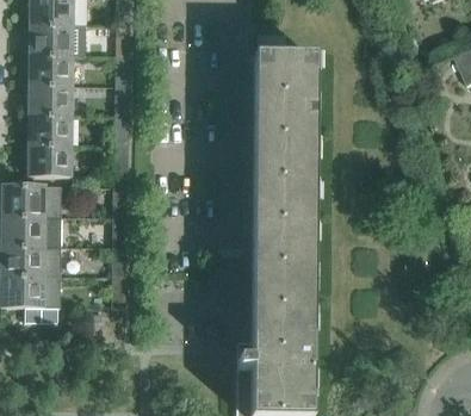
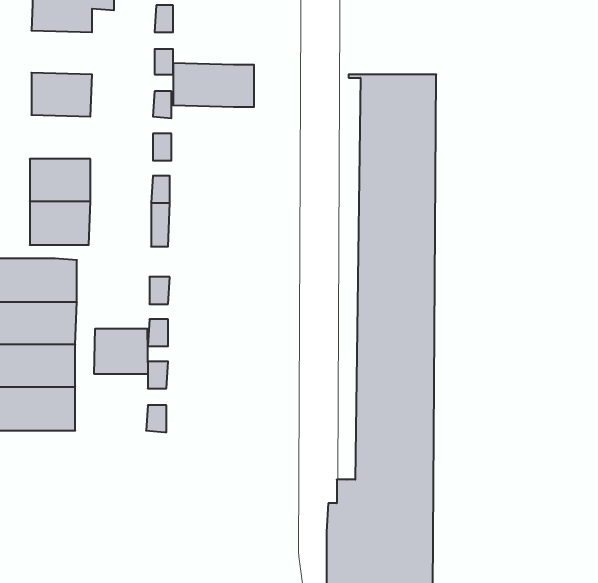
building: [27,25,85,56] -> [173,63,254,107]
building: [26,85,69,116] -> none
building: none -> [94,329,148,374]

